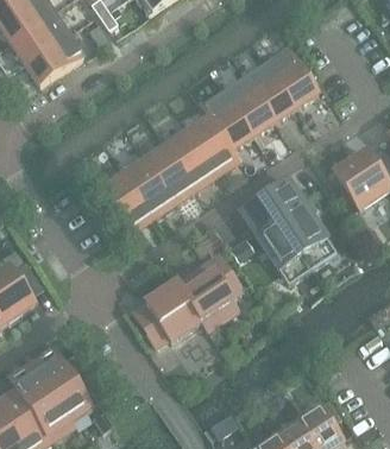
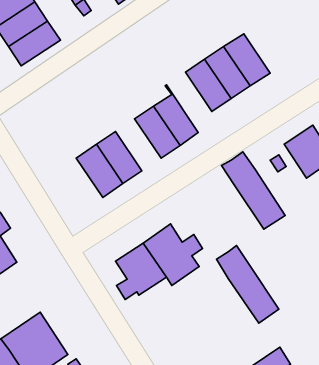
building: [202,88,253,156] -> none
building: [145,140,196,198] -> none
building: [241,192,312,279] -> [216,245,279,323]

